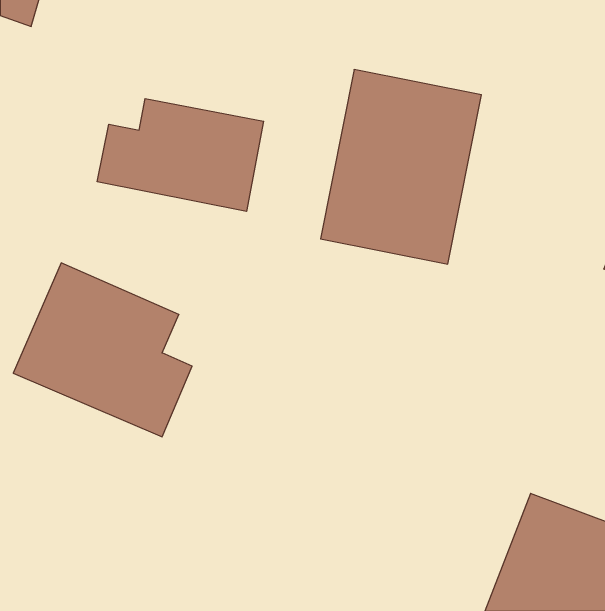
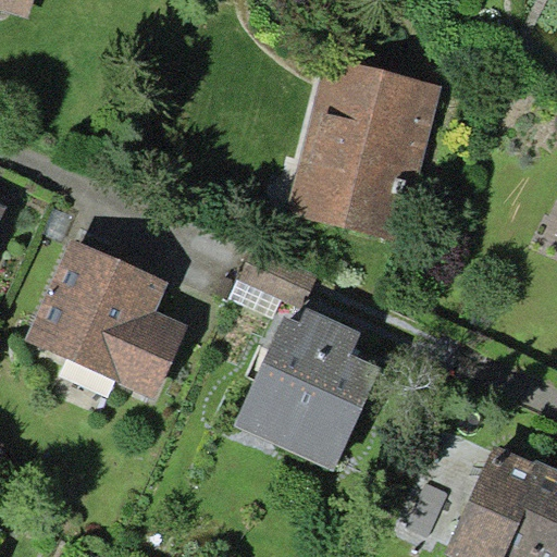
building: [97,99,264,211] -> none
building: none -> [237,310,361,466]

